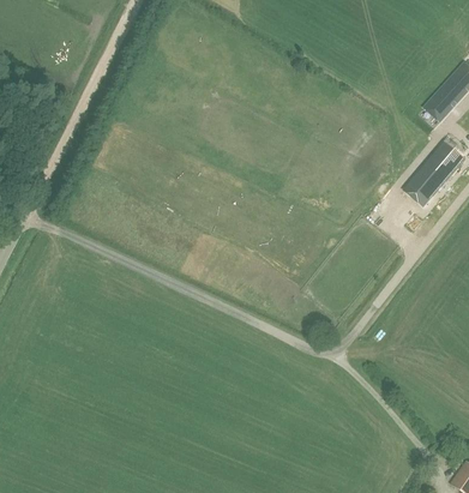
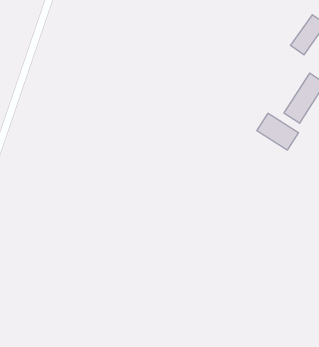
building: none -> [257,113,298,150]

